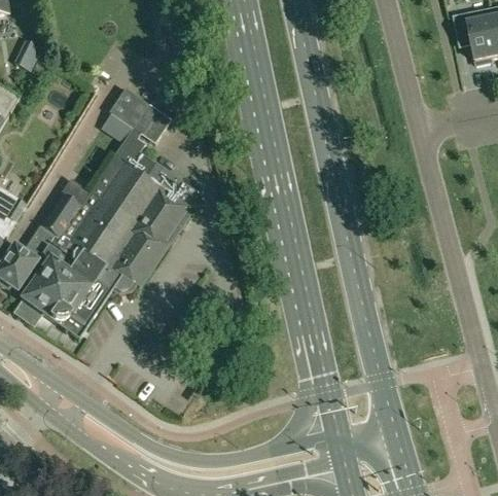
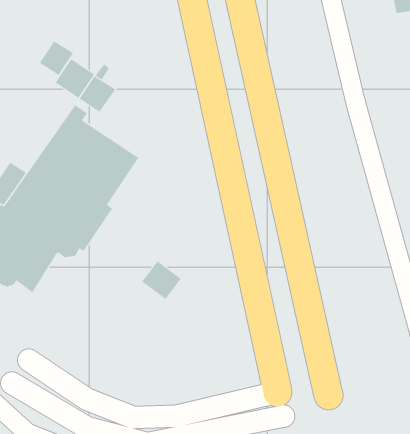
building: none -> [39,41,74,76]
building: none -> [142,261,181,300]

